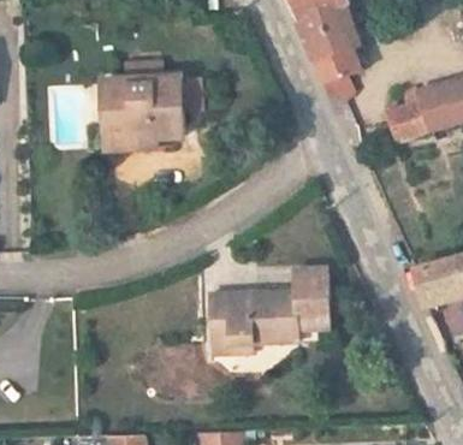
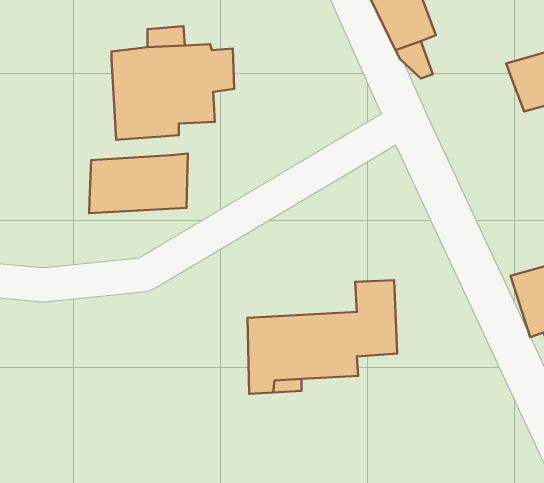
building: [384,101,428,140] -> none
building: none -> [89,153,188,213]

